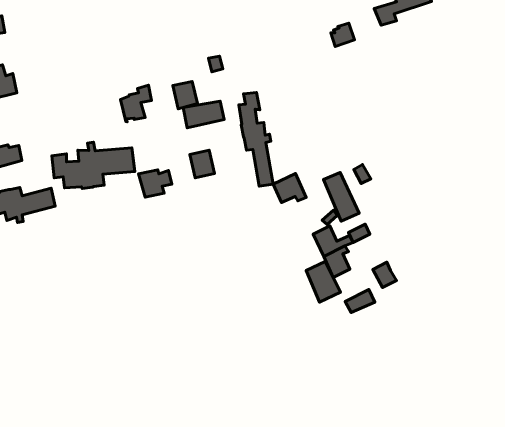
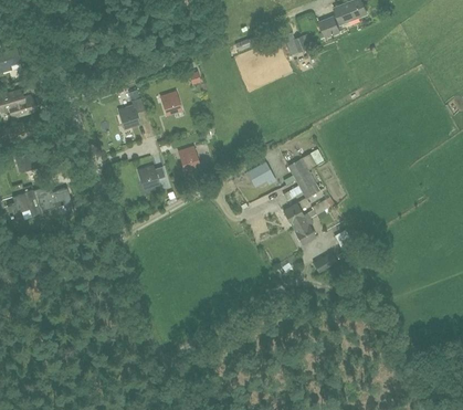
building: [239,93,273,186] -> none
building: [183,101,224,128] -> none
building: [52,142,135,189] -> none
building: [306,261,340,302] -> none

